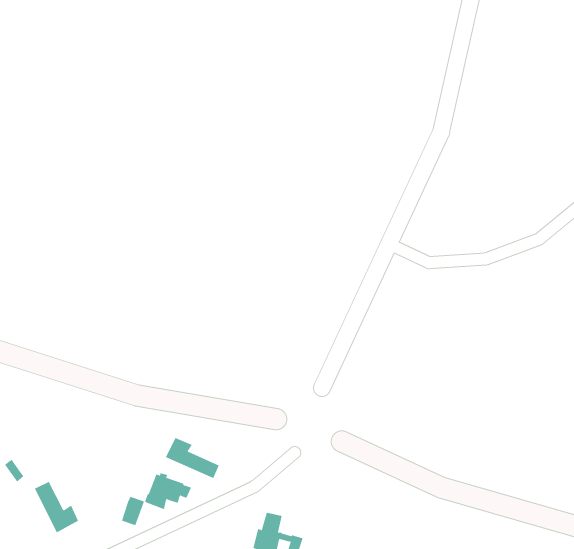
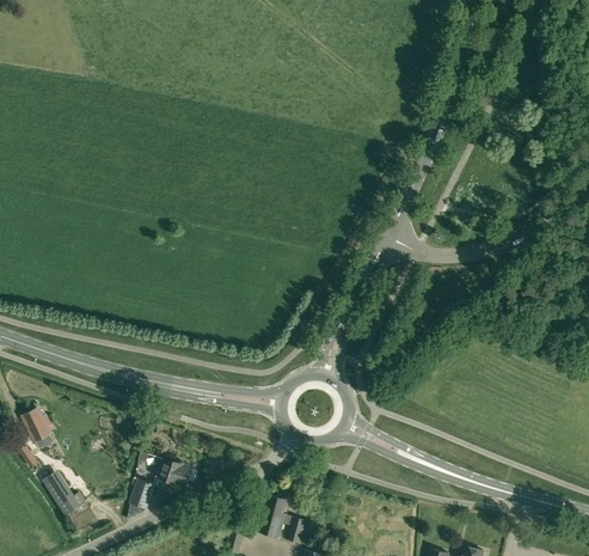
building: none -> [23,411,50,442]
building: [165,437,219,479] -> none

